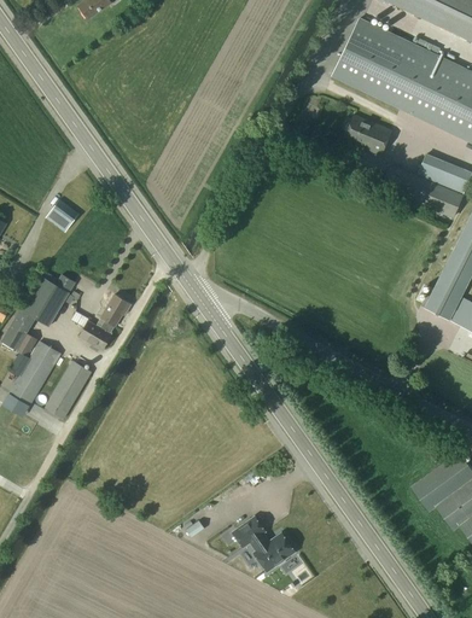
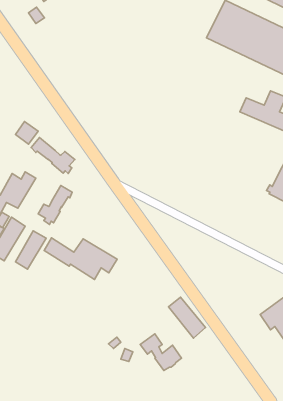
building: [343,116,390,154] -> none
building: none -> [31,138,75,174]
building: none -> [44,238,117,280]
building: none -> [169,297,205,338]

